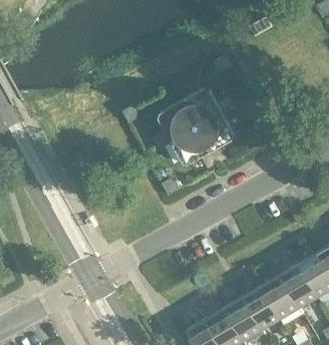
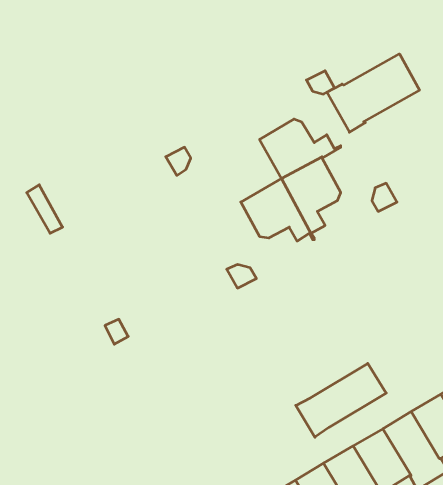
building: none -> [327,54,419,132]
building: [156,101,197,148] -> none
building: none -> [296,363,386,437]

